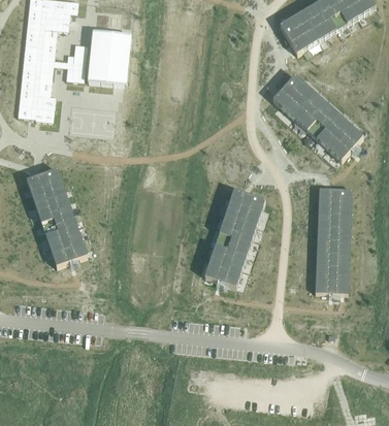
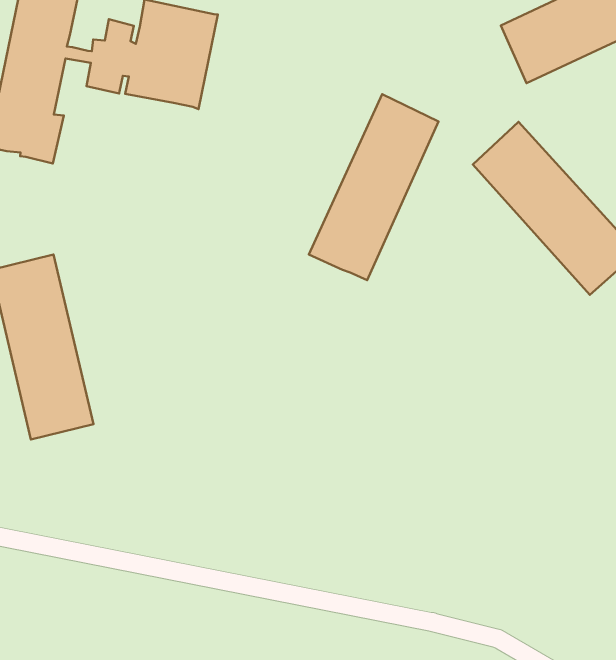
building: [315,187,352,292] -> none
building: [204,188,265,286] -> [309,94,438,280]

